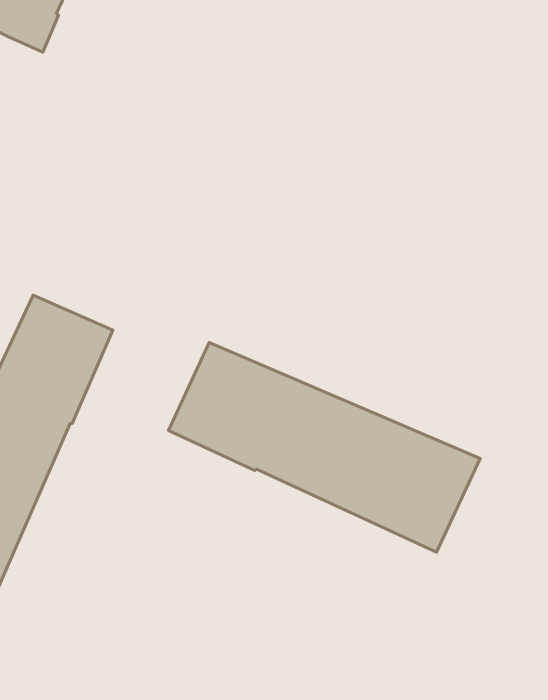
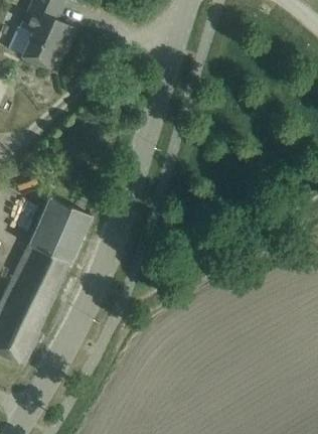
building: [169,343,480,552] -> none

